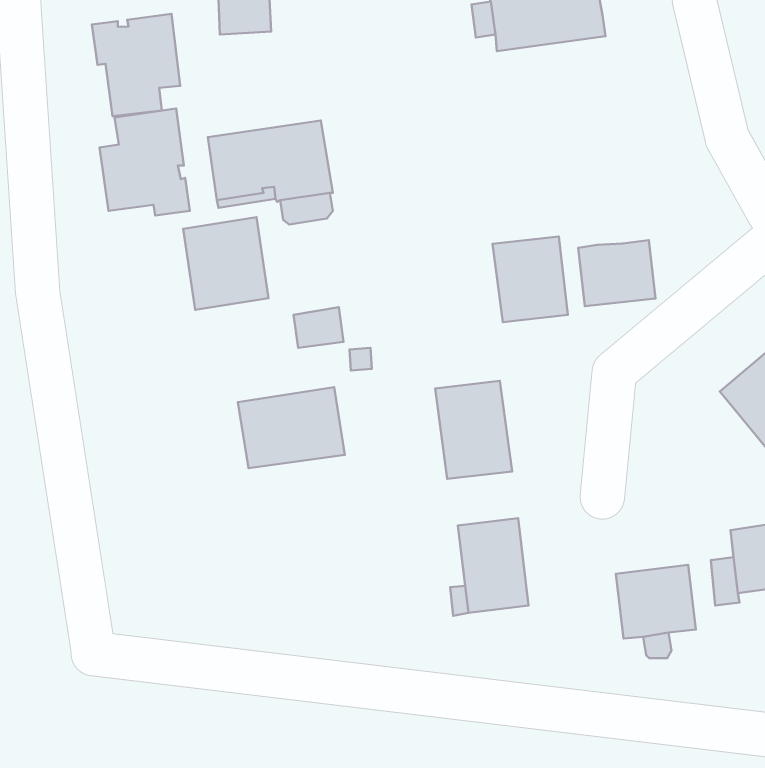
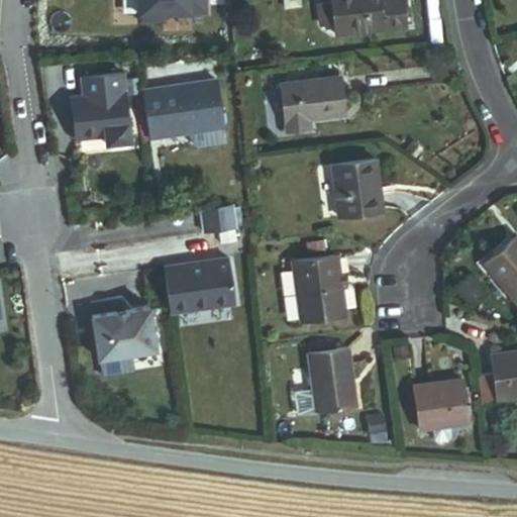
building: [92,14,180,116] -> none
building: none -> [283,77,345,132]
building: [183,217,268,310] -> none
building: [578,240,656,306] -> none
building: none -> [91,309,156,360]

